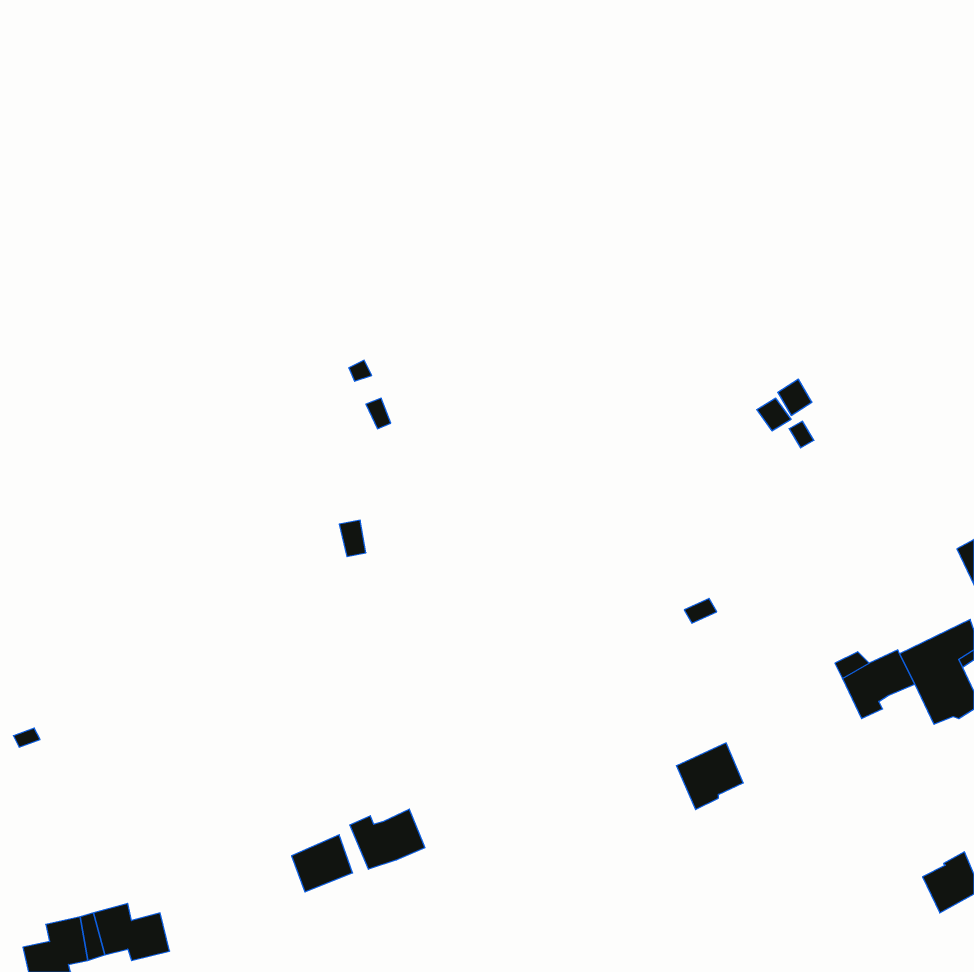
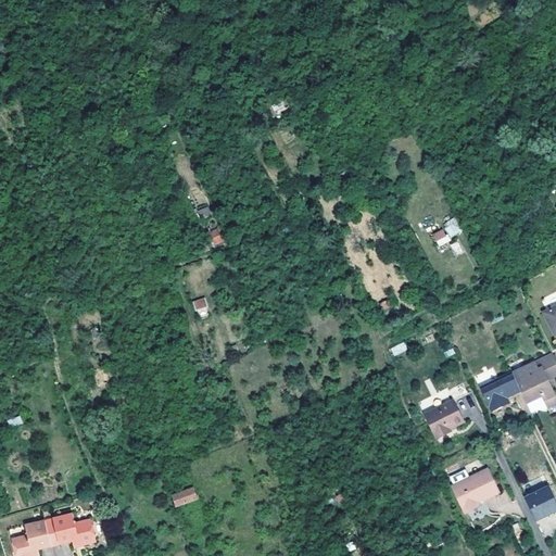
building: [676,743,743,810] -> [426,400,464,438]
building: [350,809,425,869] -> none
building: none -> [453,469,498,514]

